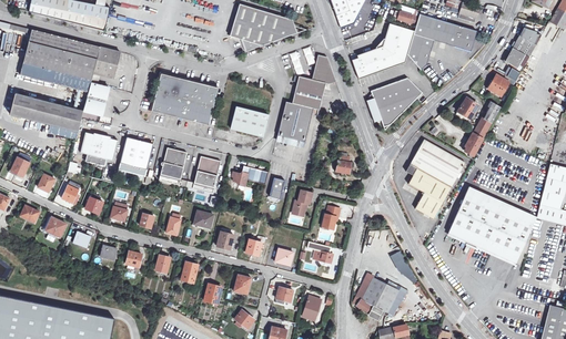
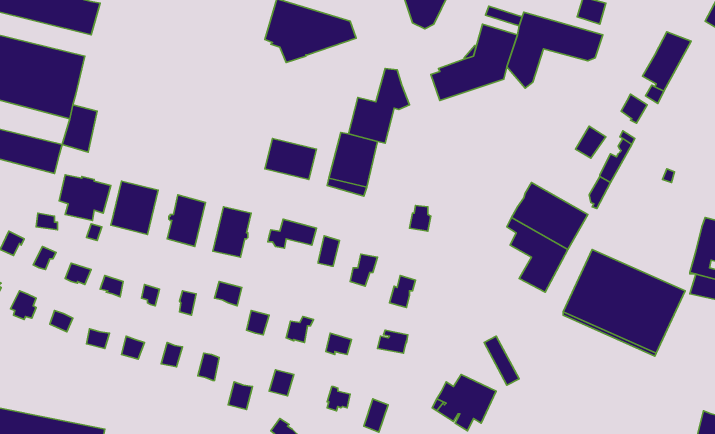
building: [93,47,120,79] -> none
building: [152,73,219,125] -> none
building: [367,78,423,127] -> none

